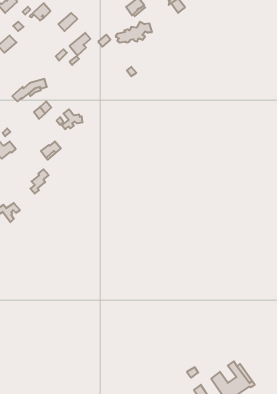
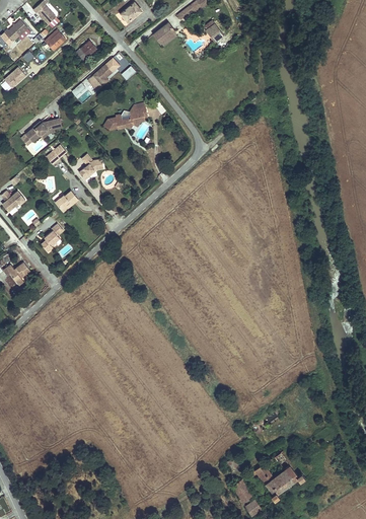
building: [116,22,152,43] -> [104,104,147,129]

